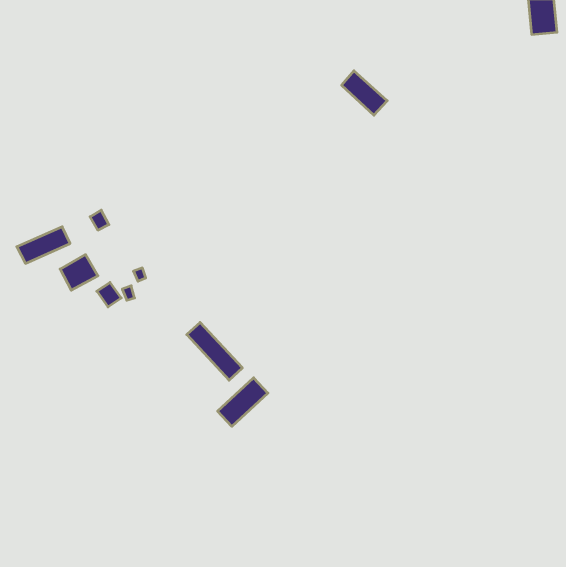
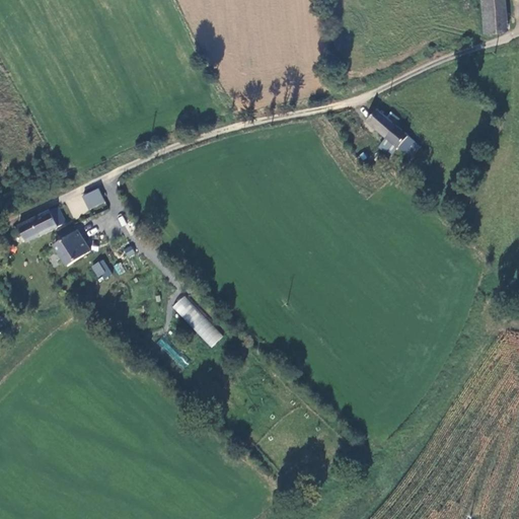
building: [342,71,387,115] -> [367,107,409,148]
building: [218,378,268,426] -> none

